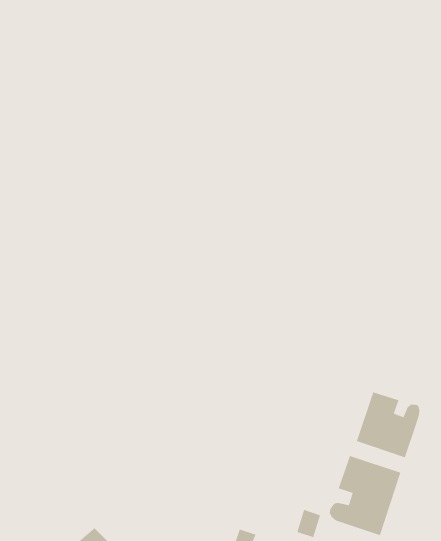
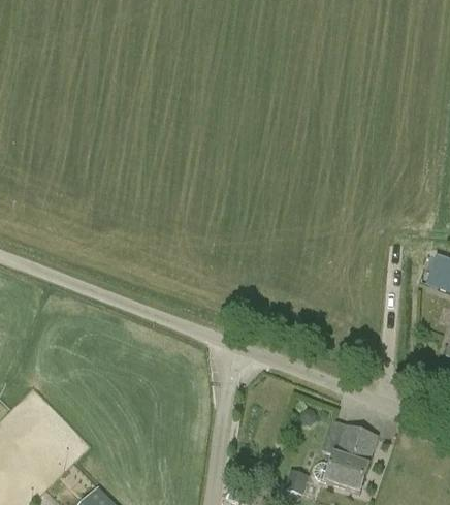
building: [356,392,420,458] -> none

